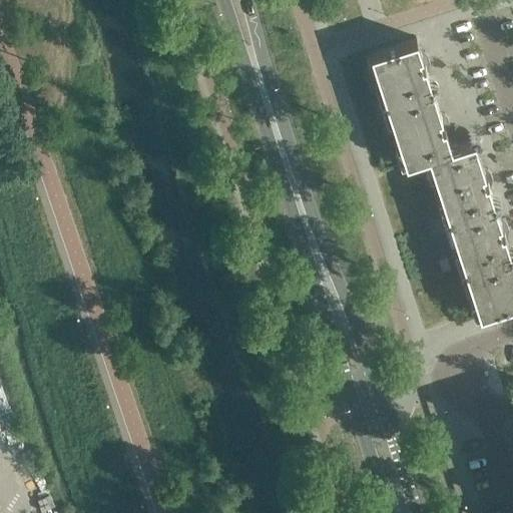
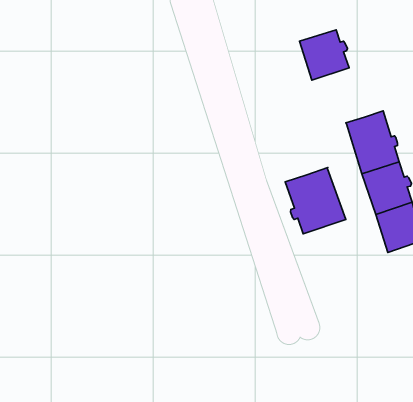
building: [387,98,452,175] -> none
building: none -> [285,168,346,234]

